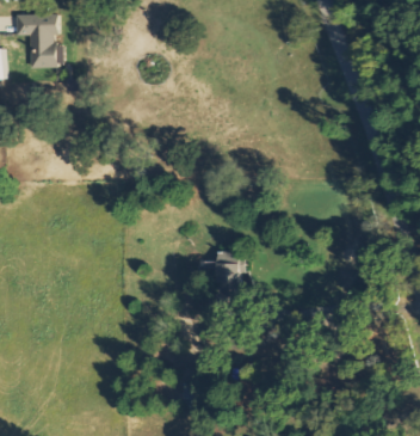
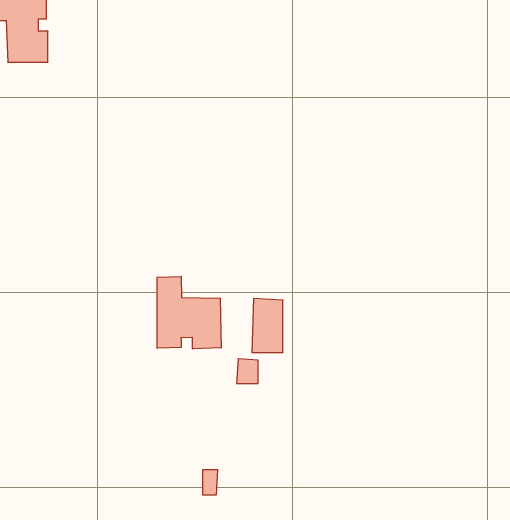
building: none -> [157,276,221,349]

